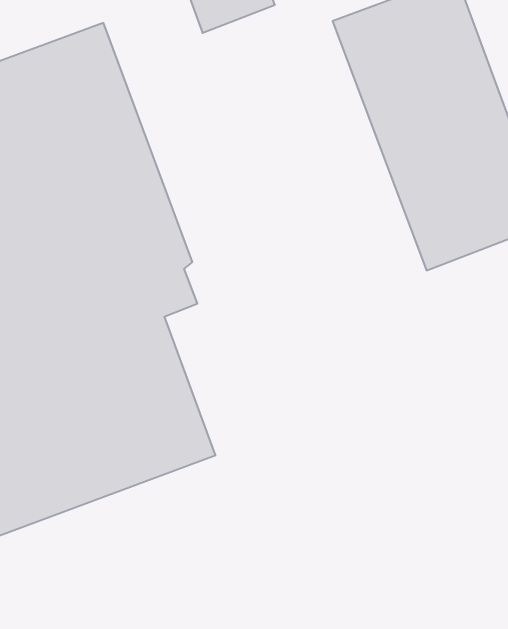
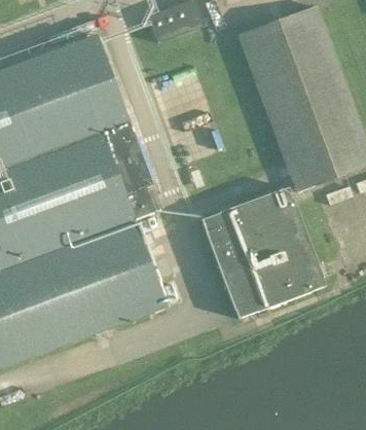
building: none -> [203,188,324,316]

